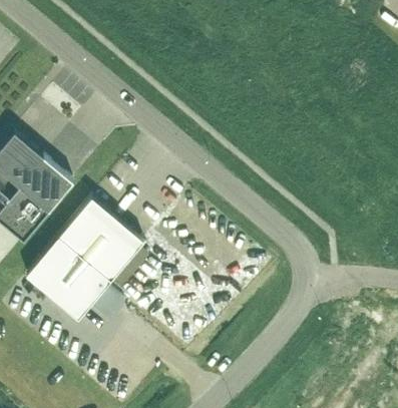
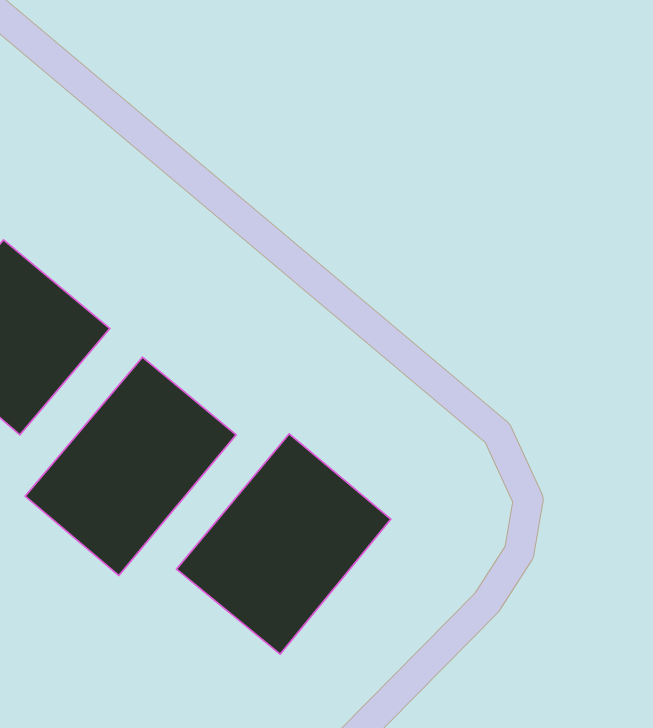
building: none -> [176,434,391,654]

